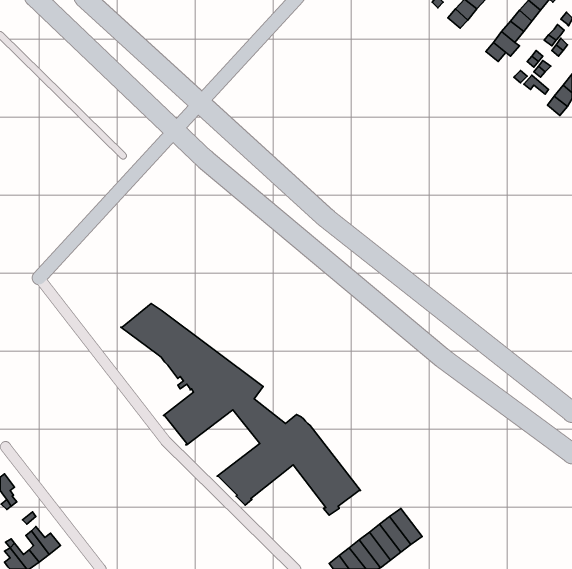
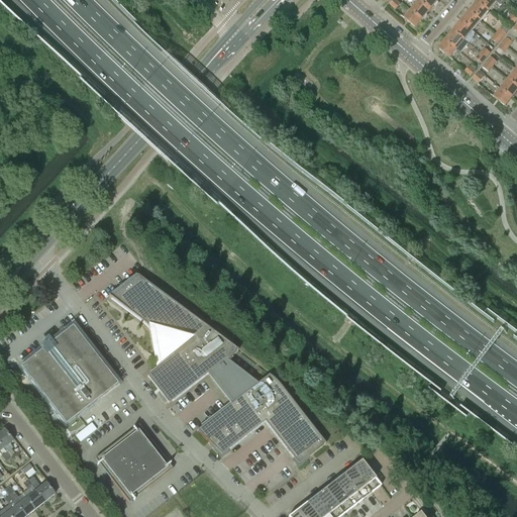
building: none -> [20,323,117,422]
building: none -> [95,423,173,501]

